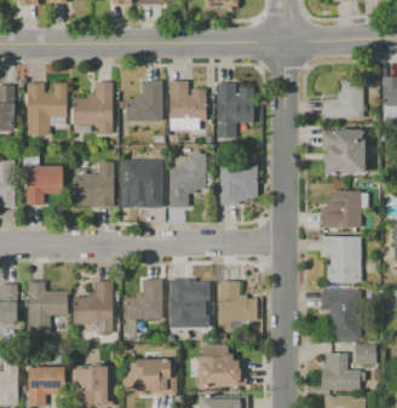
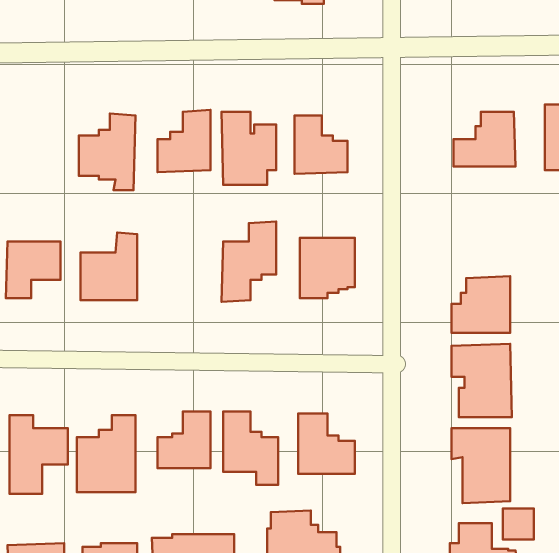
building: [27,84,65,136] -> none
building: [321,130,366,173] -> none
building: [125,157,161,207] -> none

